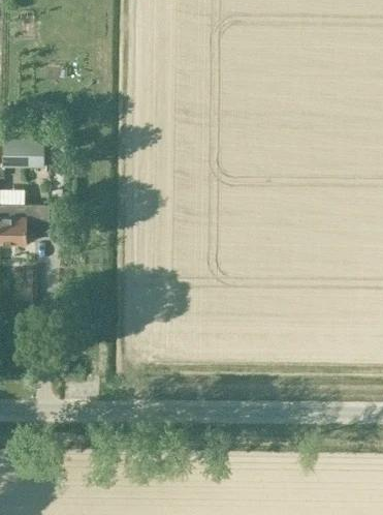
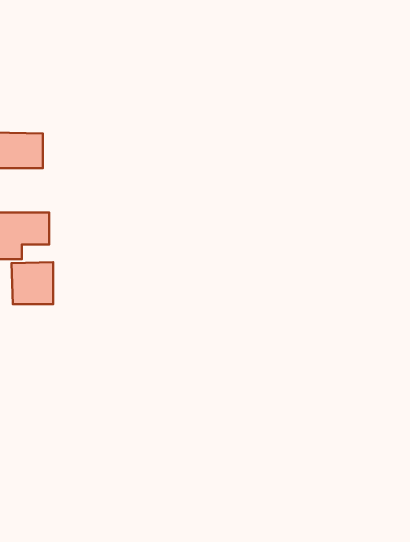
building: none -> [11,262,53,304]

